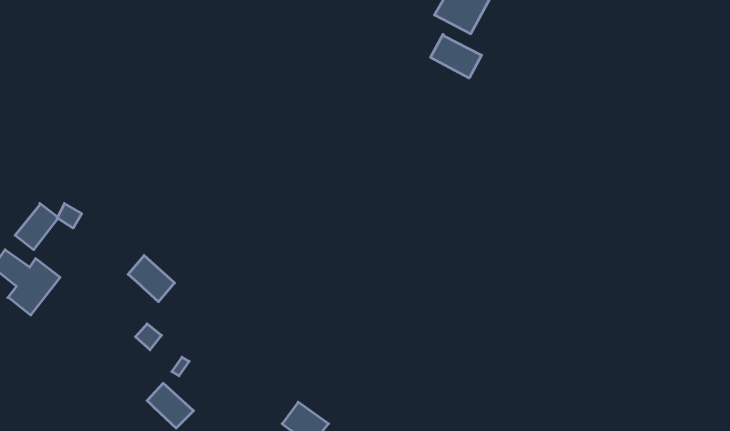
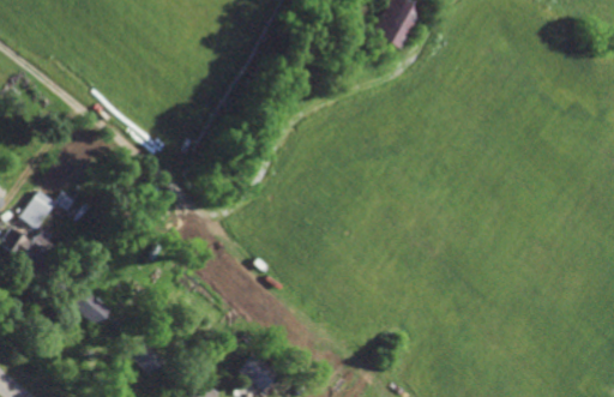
building: [431,34,482,78] -> none
building: [128,255,175,302] -> [73,289,112,327]

